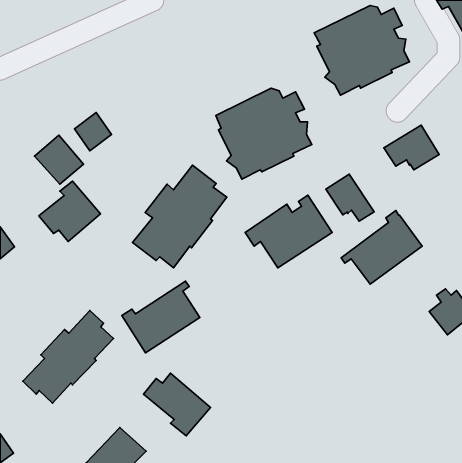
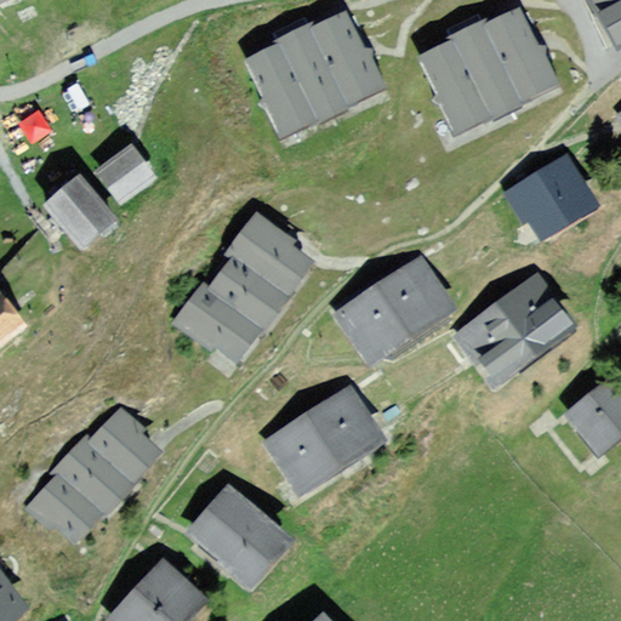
building: [216,88,312,179] -> [249,11,377,132]
building: [326,174,374,221] -> none
building: [39,181,101,242] -> none
building: [122,281,200,353] -> [272,394,376,490]

